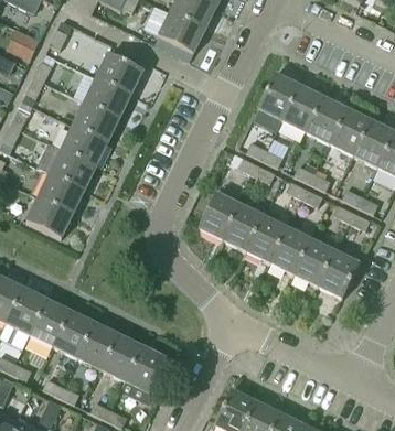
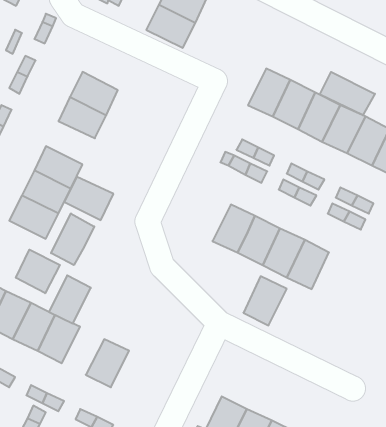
building: [96,52,142,94] -> none
building: none -> [320,72,375,115]
building: [61,123,108,165] -> [64,177,113,220]
building: [198,192,239,239] -> none
building: none -> [51,213,94,265]
building: none -> [16,250,60,293]
building: [318,250,360,298] -> [243,276,287,325]
building: [76,322,117,368] -> [49,275,91,323]
building: [124,345,166,392] -> none

